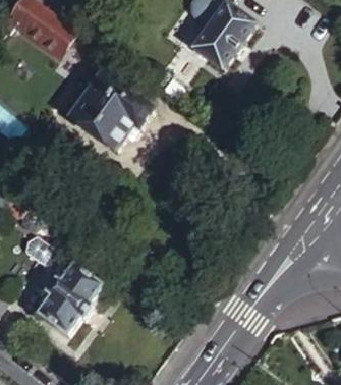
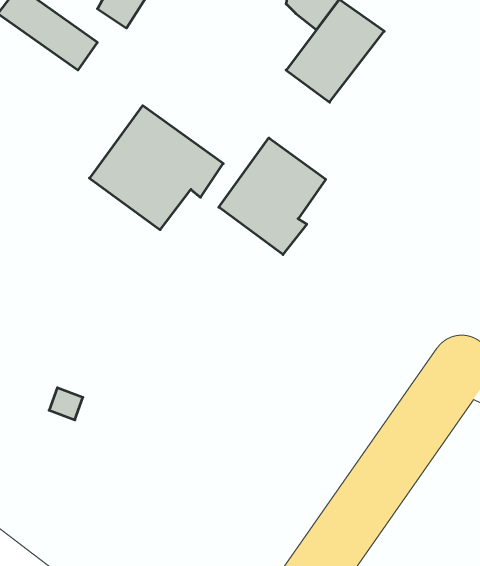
building: none -> [219,138,326,255]
building: [38,267,102,336] -> none

